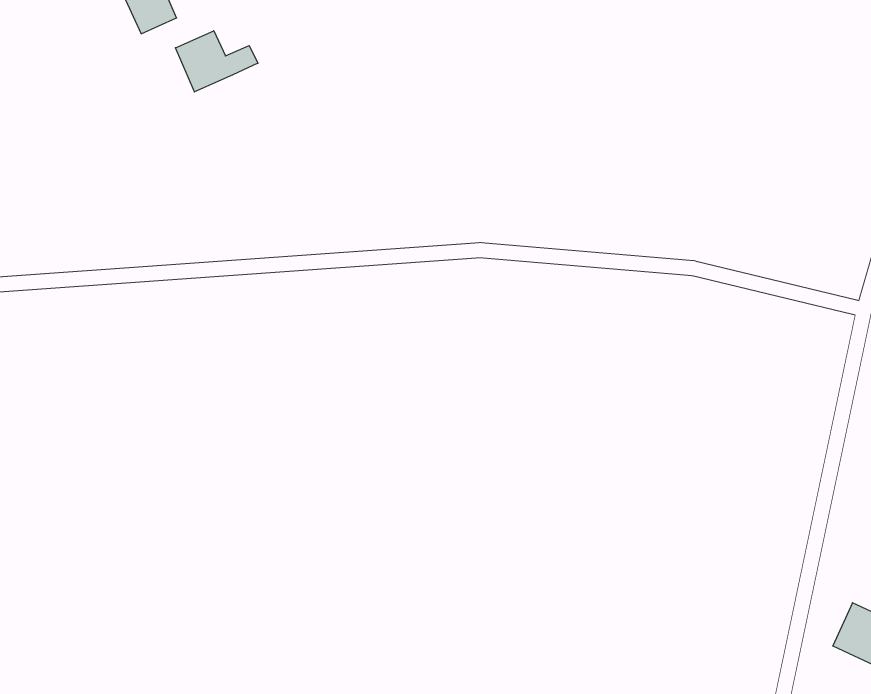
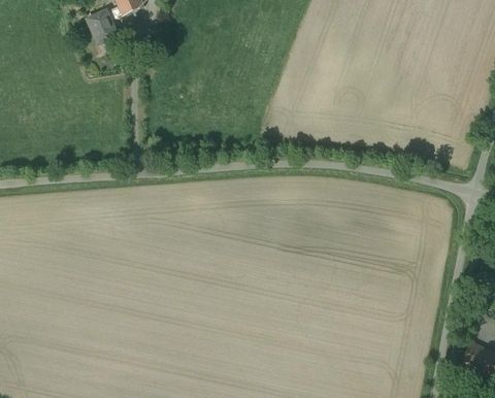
building: [175,31,258,92] -> none

